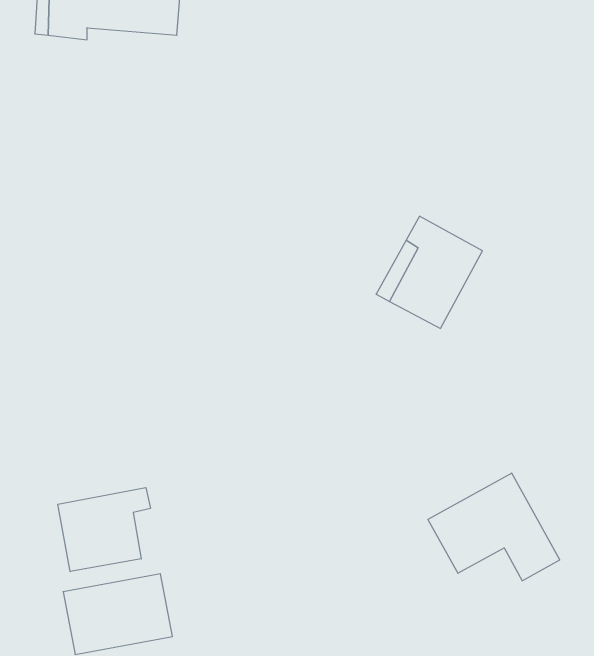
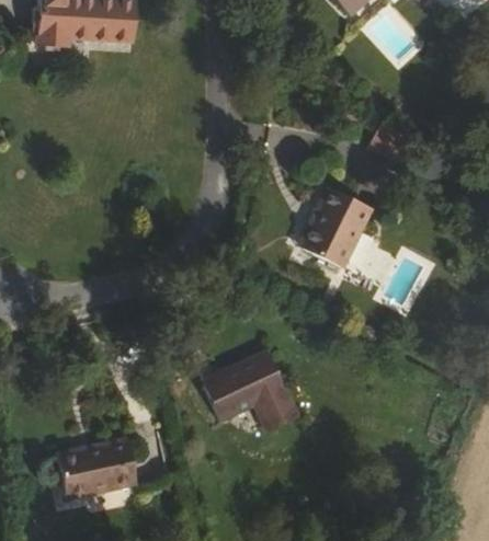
building: [428,473,560,581] -> [201,347,297,426]
building: [58,488,150,572] -> none

